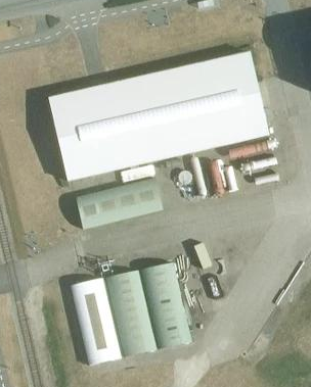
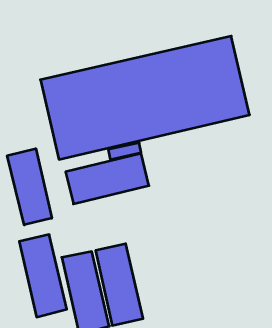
building: none -> [7,149,52,225]
building: [142,261,192,348] -> [19,235,67,317]

